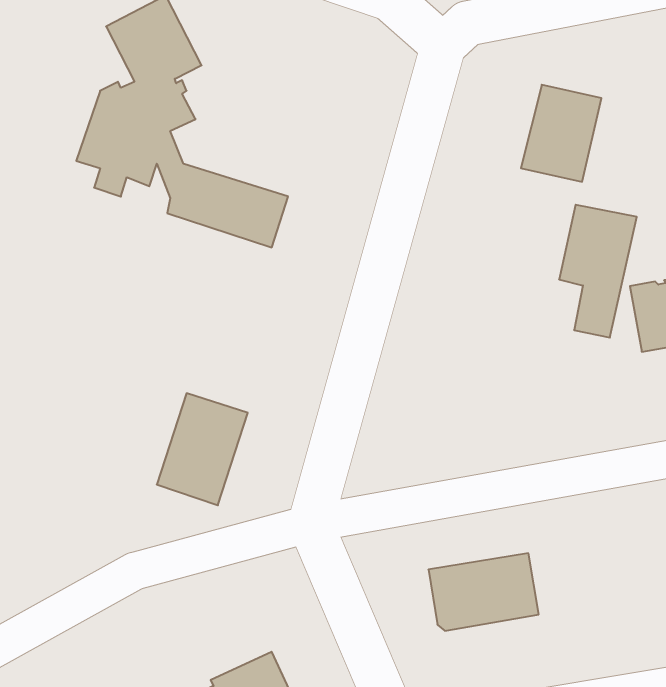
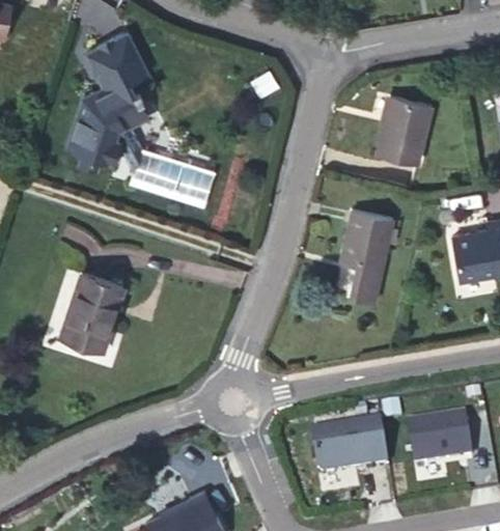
building: [559,205,637,338] -> [339,209,393,302]
building: [157,393,248,505] -> [60,273,123,351]
building: none -> [408,412,470,463]

